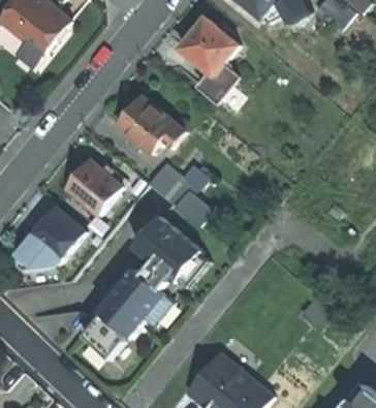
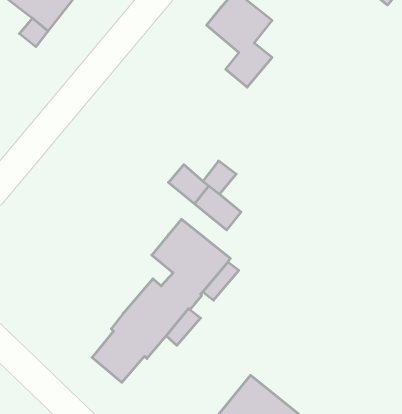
building: [117,95,184,153] -> none
building: [65,158,122,215] -> none
building: [14,206,84,271] -> none

